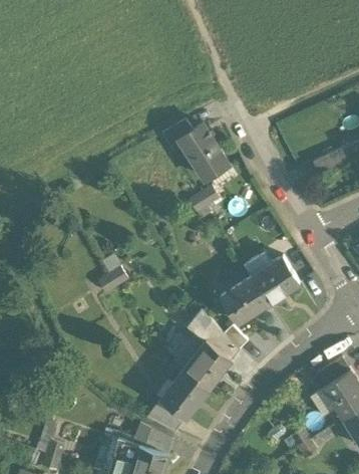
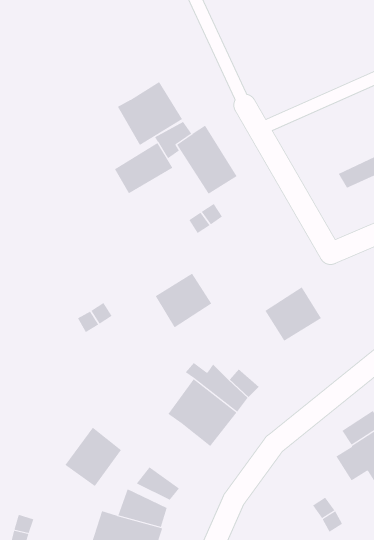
building: none -> [117,81,183,146]
building: none -> [114,142,173,194]
building: [221,275,268,320] -> [155,273,212,328]
building: [160,368,208,417] -> [64,427,122,487]

